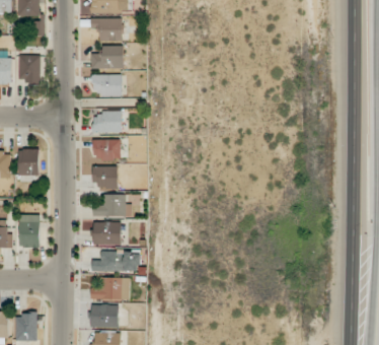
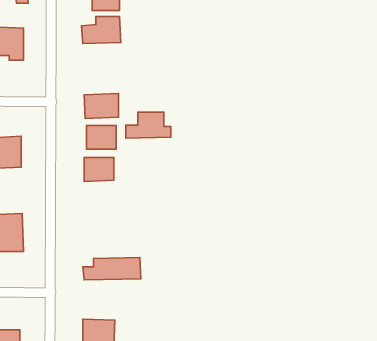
building: [91,74,122,96] -> none
building: [93,194,132,216] -> [126,112,171,138]
building: [93,221,121,245] -> none
building: [91,277,130,299] -> none

